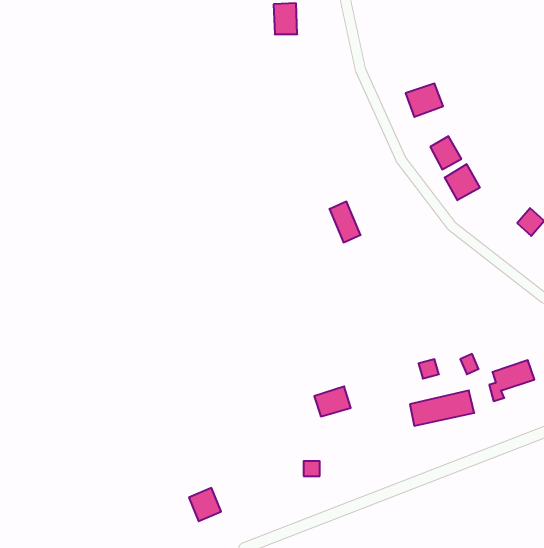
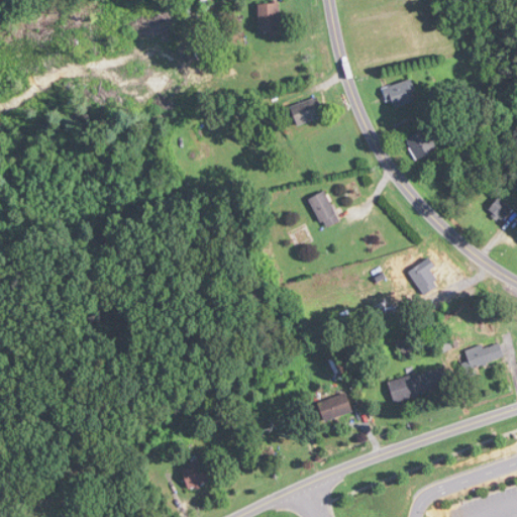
building: none -> [290,97,321,125]
building: [445,164,480,200] -> none
building: none -> [408,263,436,293]
building: [314,386,351,416] -> [316,392,350,420]

